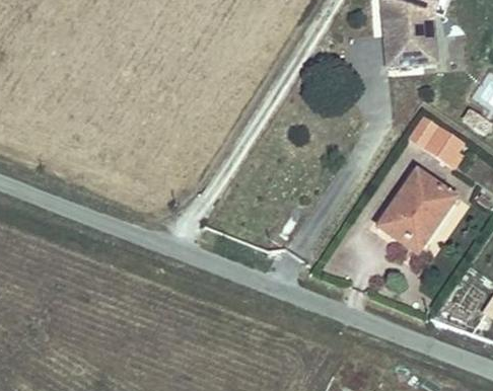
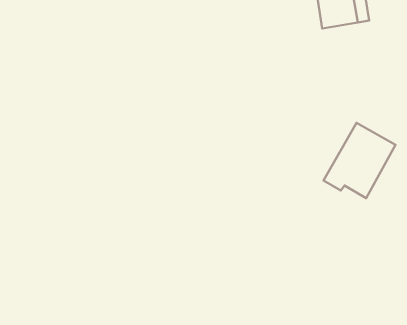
building: [409,115,465,165] -> none

